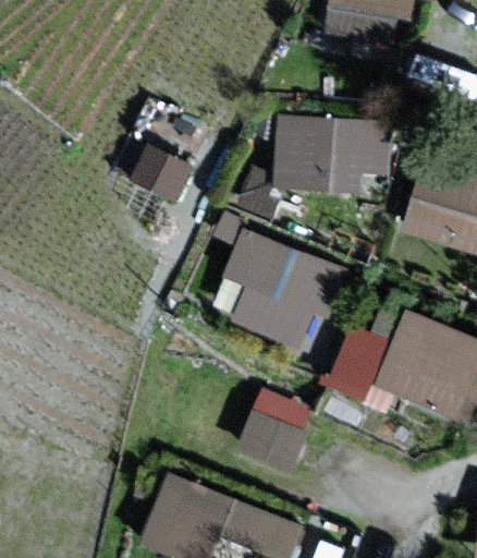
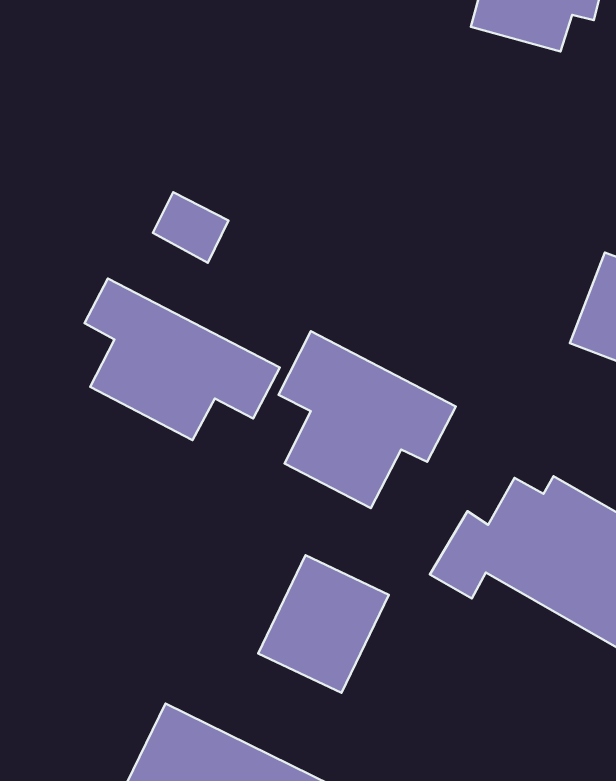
building: [282,123,387,186] -> none
building: none -> [85,279,280,440]

